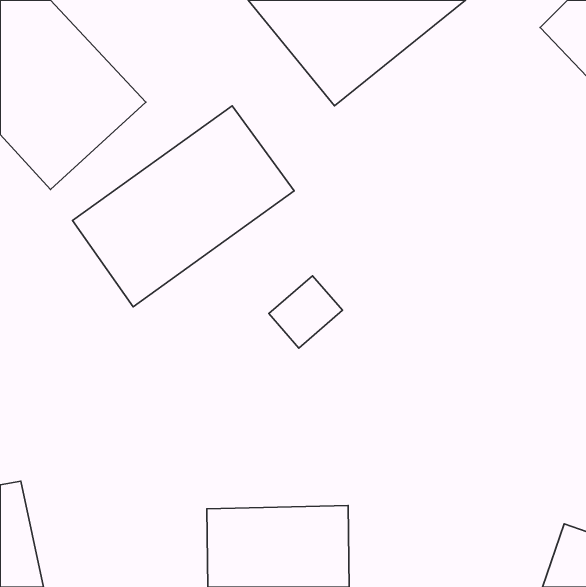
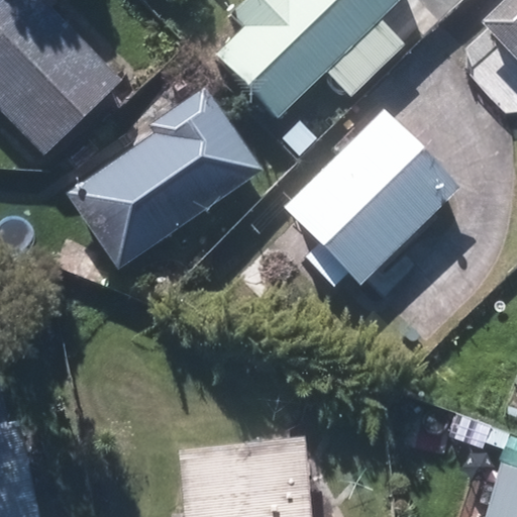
building: none -> [282,109,461,288]

